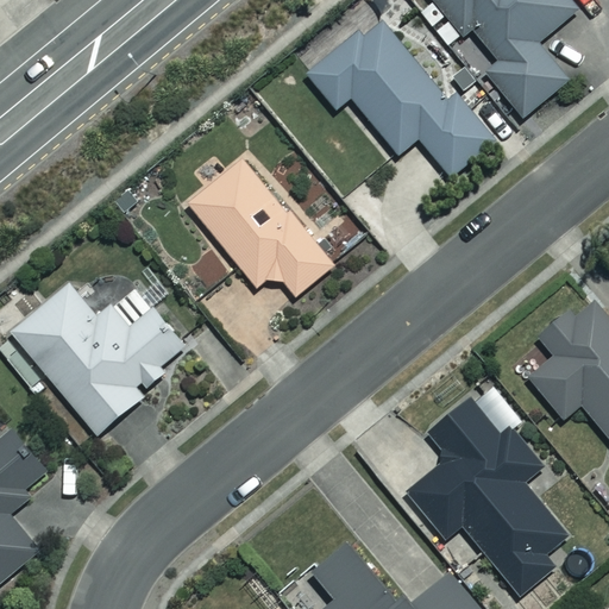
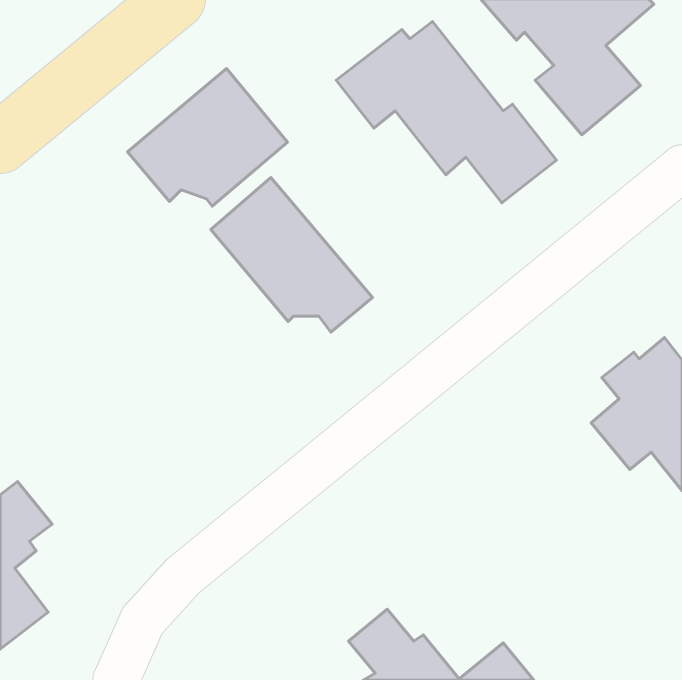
building: none -> [128,68,288,206]
building: [11,284,186,437] -> none
building: [412,400,566,597] -> none

